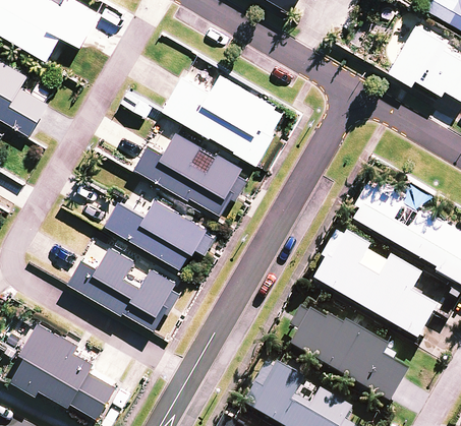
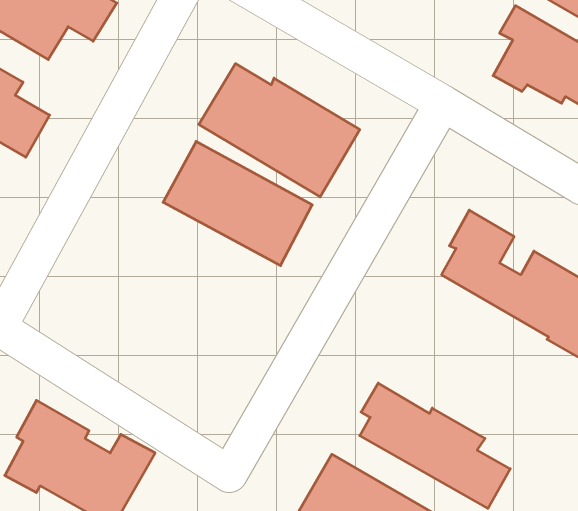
building: [104,194,215,268] -> none
building: [308,234,439,343] -> none
building: [67,246,180,332] -> none

